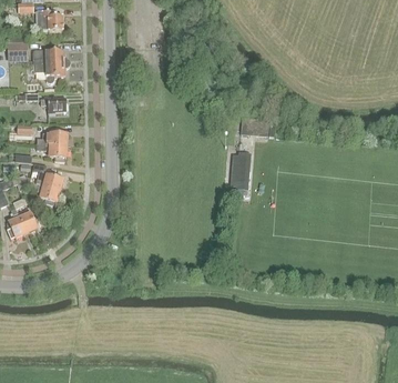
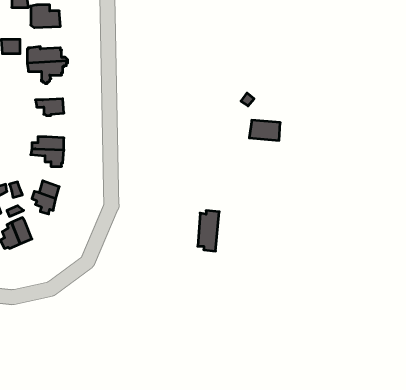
building: [231,151,251,189] -> [198,211,219,251]

